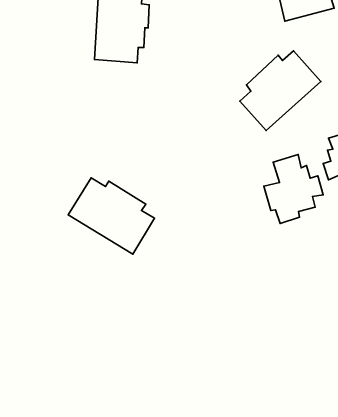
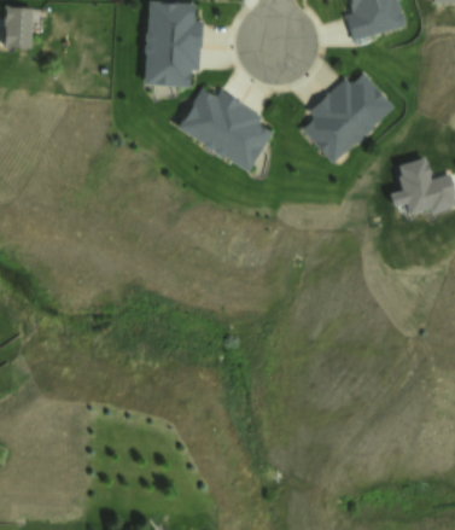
building: [264,155,323,224] -> none
building: [68,178,155,254] -> [175,86,270,170]

